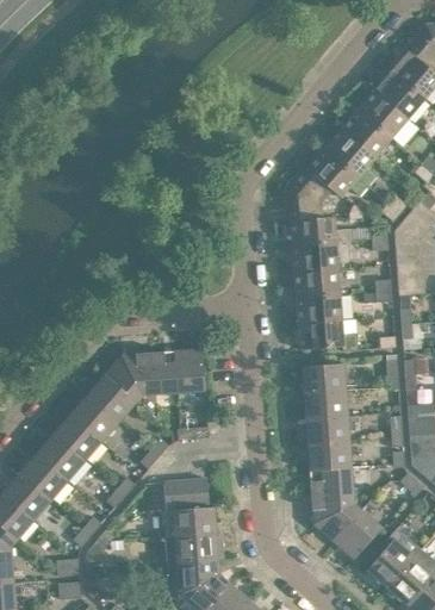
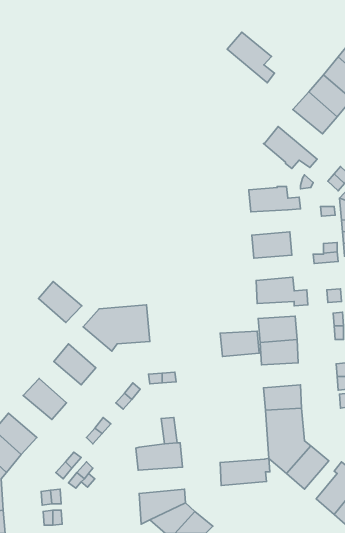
building: [324,130,378,187] -> [227,32,274,83]
building: [284,164,333,222] -> none
building: [293,243,337,272] -> none
building: [297,294,341,323] -> none
building: [175,349,205,392] -> none
building: [87,375,136,422] -> [38,282,82,323]
building: [54,415,101,461] -> none
building: [305,416,349,444] -> [220,331,259,356]
building: [19,453,68,500] -> none
building: [163,479,195,511] -> none
building: [166,533,222,564] -> [220,458,270,486]

